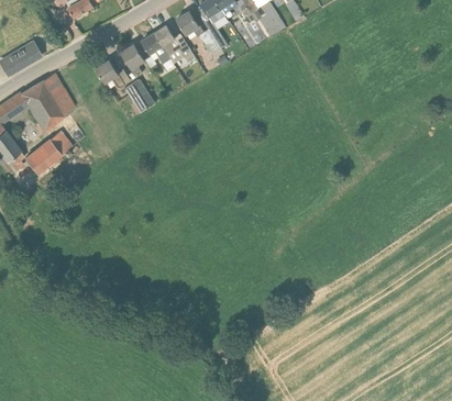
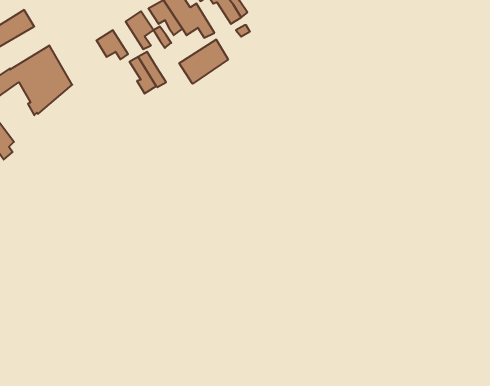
building: none -> [179,39,228,84]
building: [25,131,71,174] -> none

